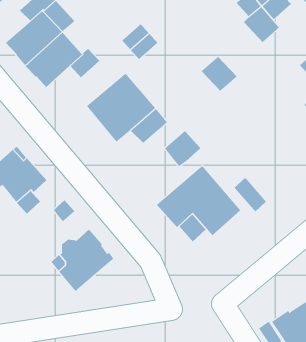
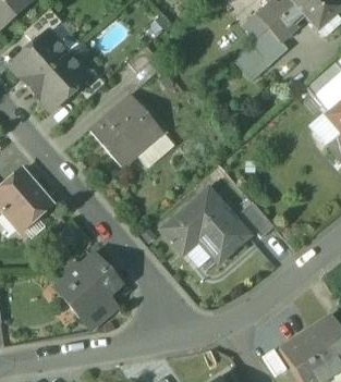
building: [201,56,237,91] -> [233,44,270,79]
building: [164,130,201,167] -> none
building: none -> [81,294,119,328]

